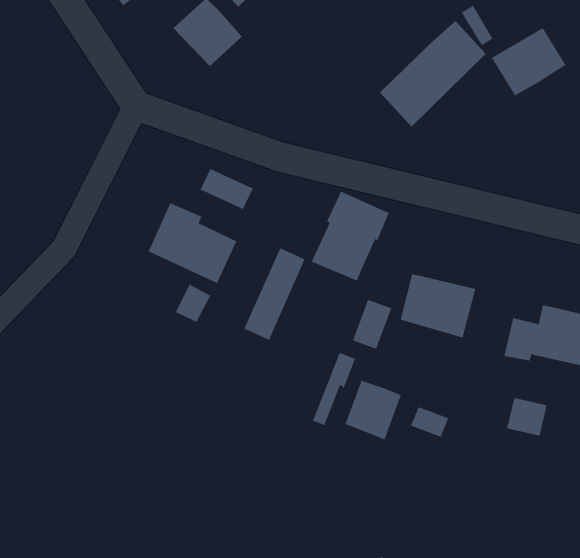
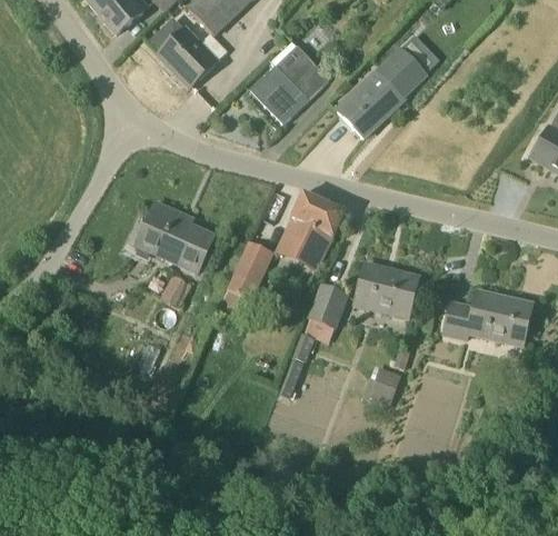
building: none -> [250,44,329,123]
building: [491,27,567,96] -> none
building: [200,168,253,210] -> none
building: [345,379,401,440] -> none
building: [507,397,547,437] -> none

